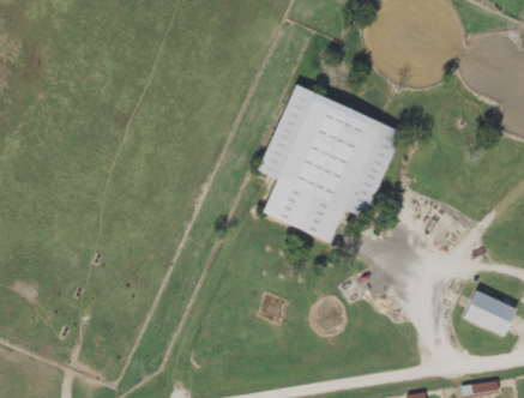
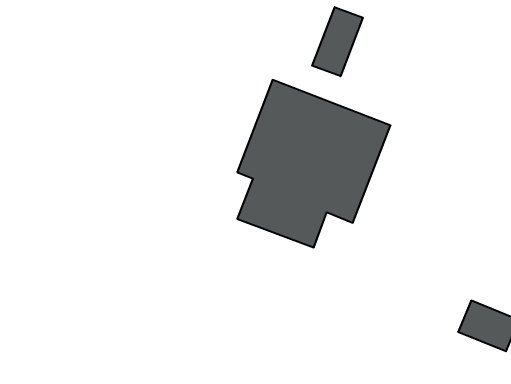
building: none -> [312,7,363,76]

